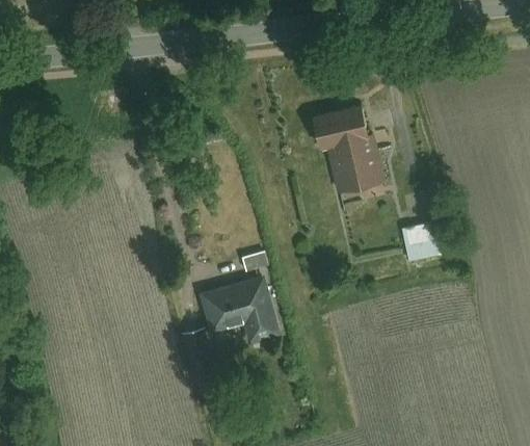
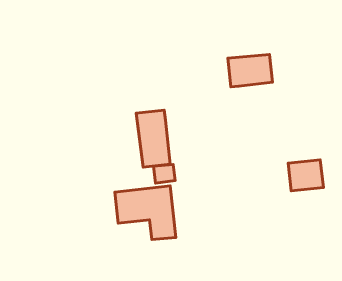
building: [329,137,380,193] -> none
building: none -> [136,110,170,167]

